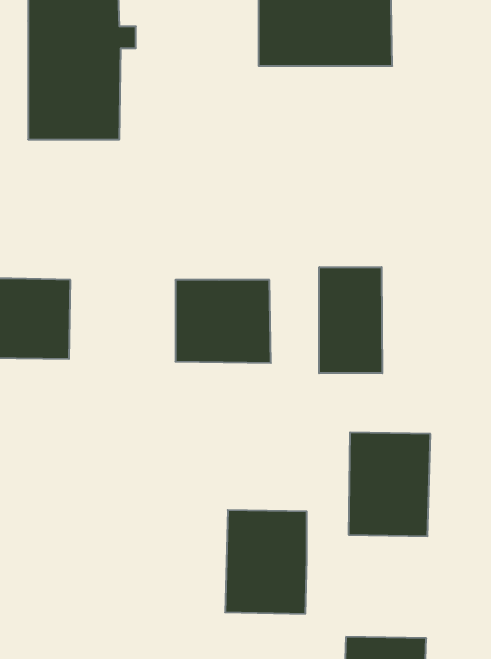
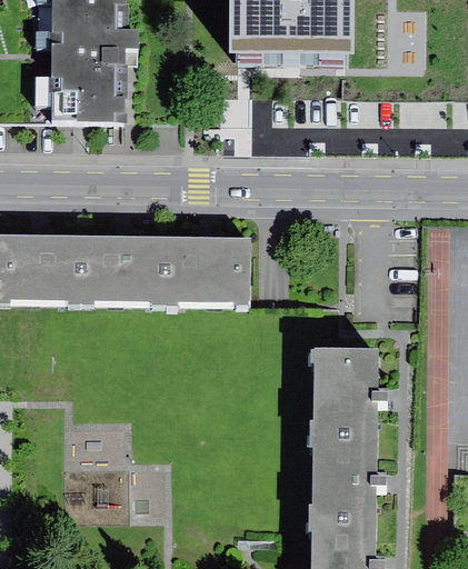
building: [319,267,382,373] -> none
building: none -> [84,237,171,303]
building: [225,510,307,614] -> [310,445,377,529]

